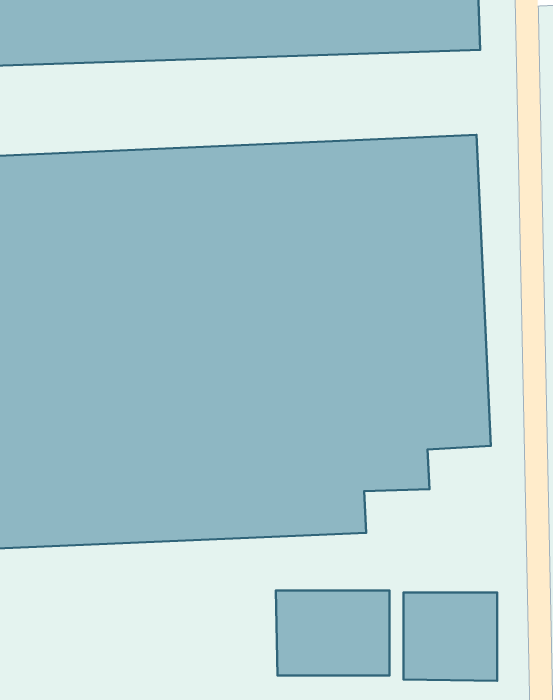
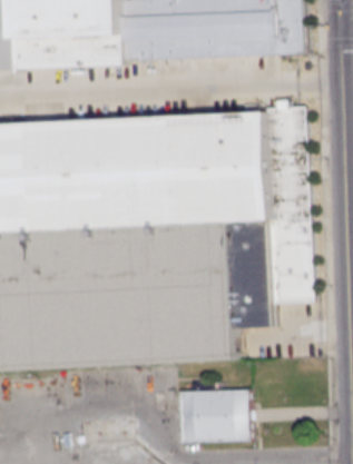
building: [403,593,497,681] -> none

